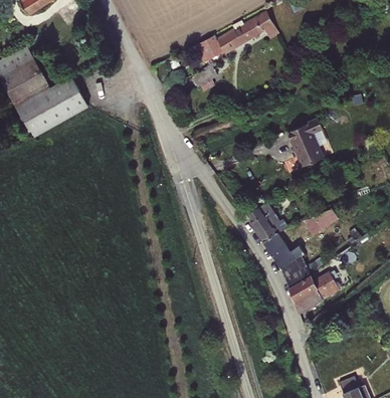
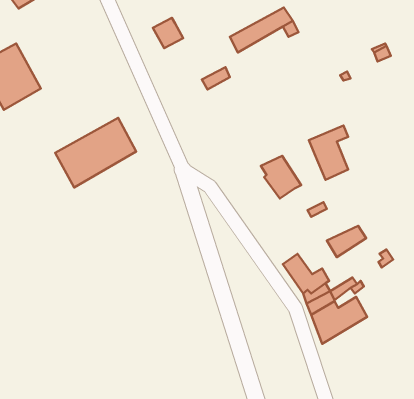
building: [196,34,223,61] -> [153,18,183,48]
building: [15,75,87,138] -> [55,118,136,188]
building: [246,204,282,242] -> [261,156,301,199]

